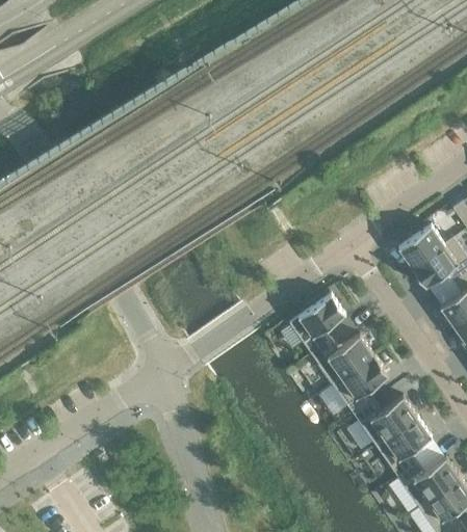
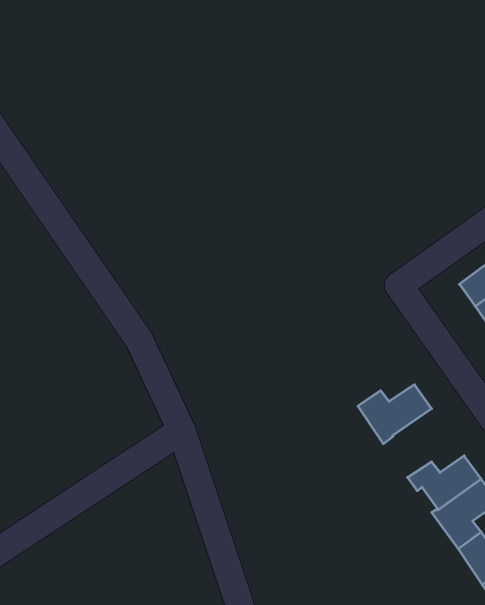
building: [289,294,345,353] -> none
building: [341,355,388,415] -> none

